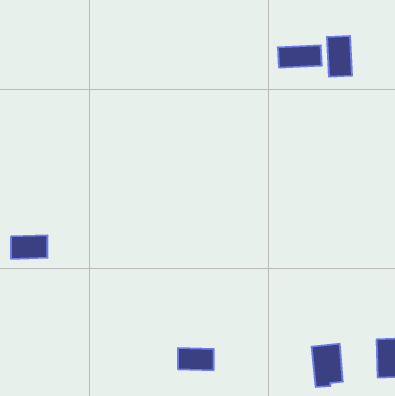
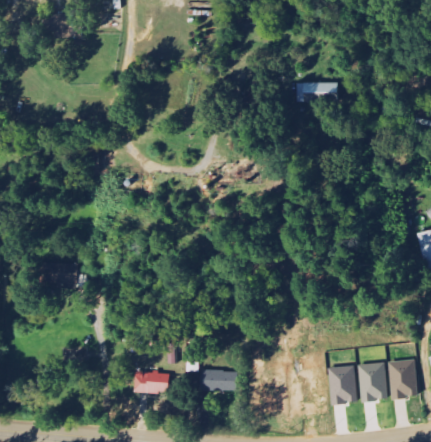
building: [327,36,352,77] -> none
building: none -> [358,362,389,402]
building: none -> [135,371,169,393]

